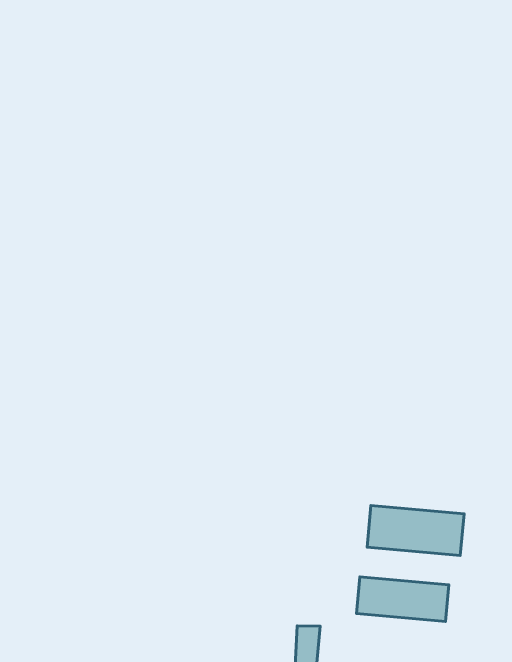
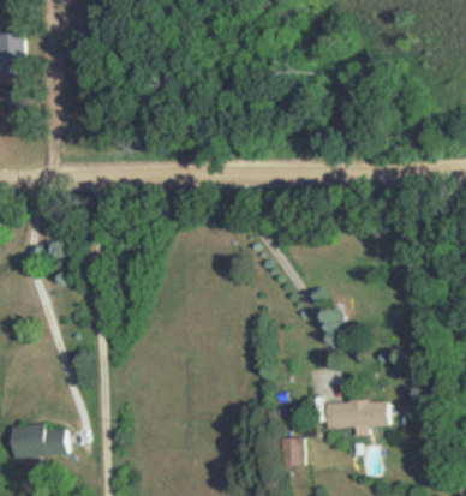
building: [367,506,464,556] -> none

